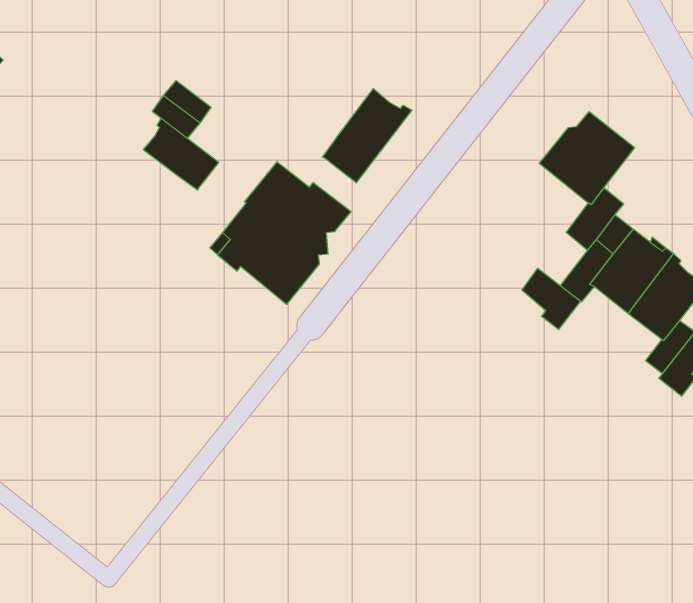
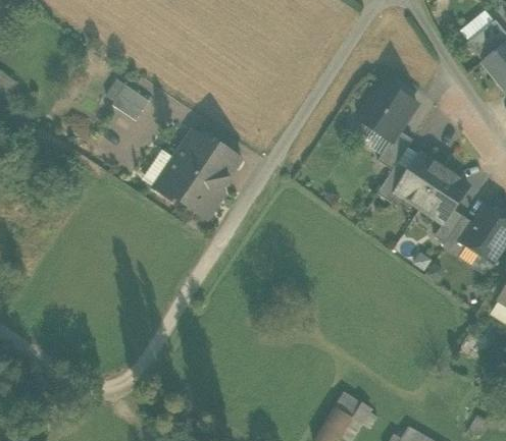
building: [322,89,412,183] -> none
building: [143,118,219,190] -> none
building: [522,268,580,330] -> none

